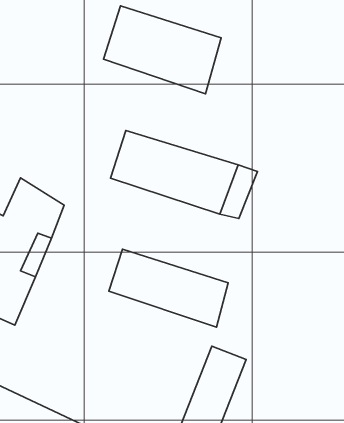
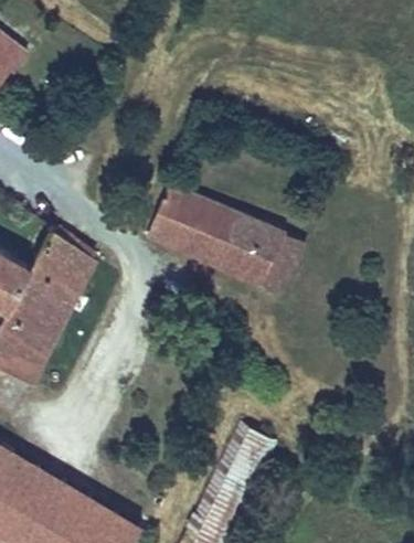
building: [104,6,221,94] -> none
building: [109,249,228,327] -> none

